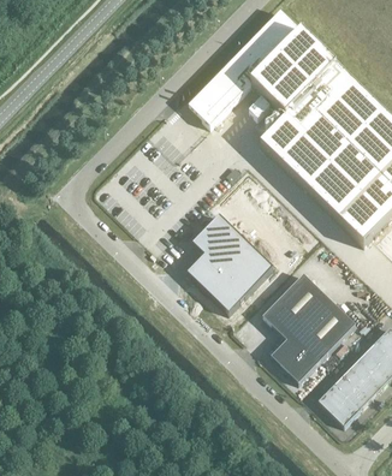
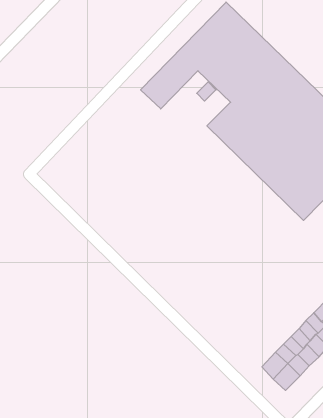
building: [189,213,274,310] -> none
building: [263,272,356,380] -> none

